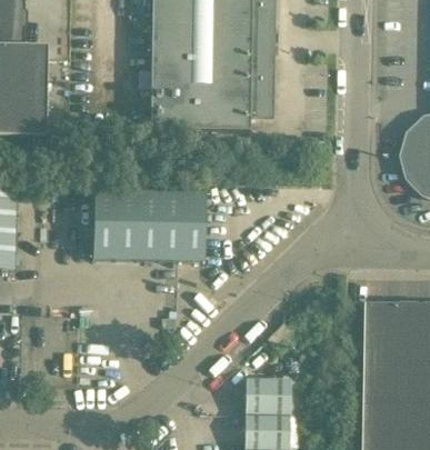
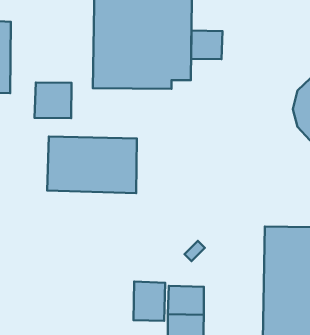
building: none -> [191,31,223,59]
building: none -> [35,82,71,118]
building: none -> [133,281,165,321]

